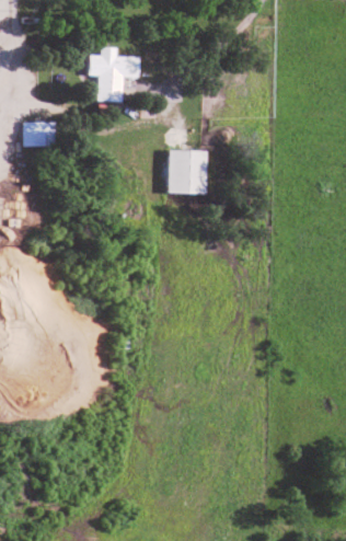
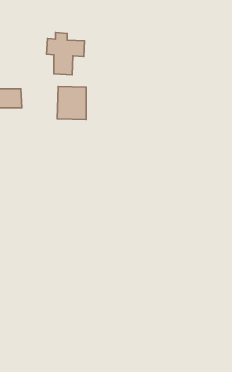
building: [169,150,207,194] -> [57,86,86,120]

